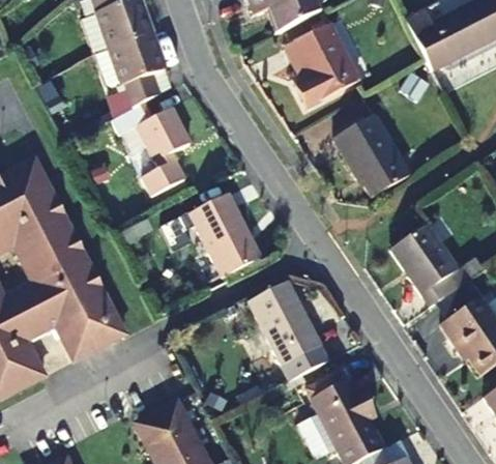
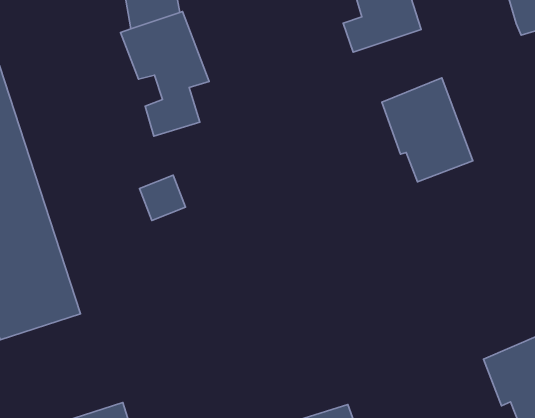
building: [195,188,264,271] -> none
building: [390,219,469,305] -> none
building: [247,281,326,375] -> none

